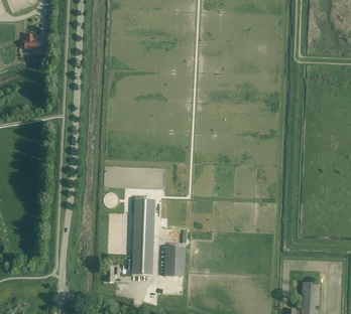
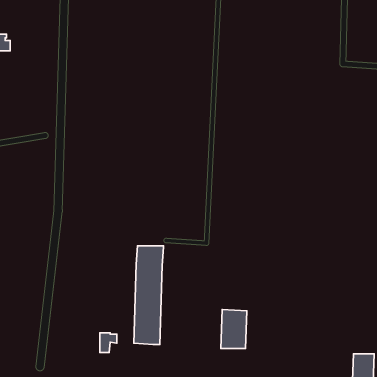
building: [164,246,185,276] -> [221,309,247,348]

